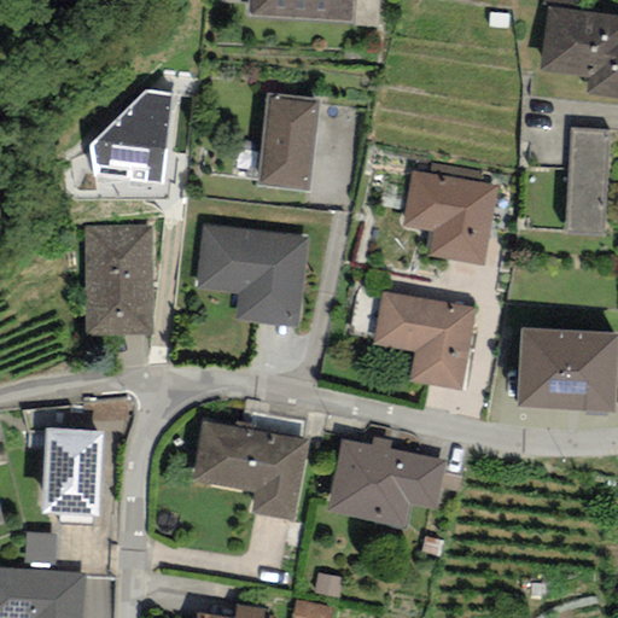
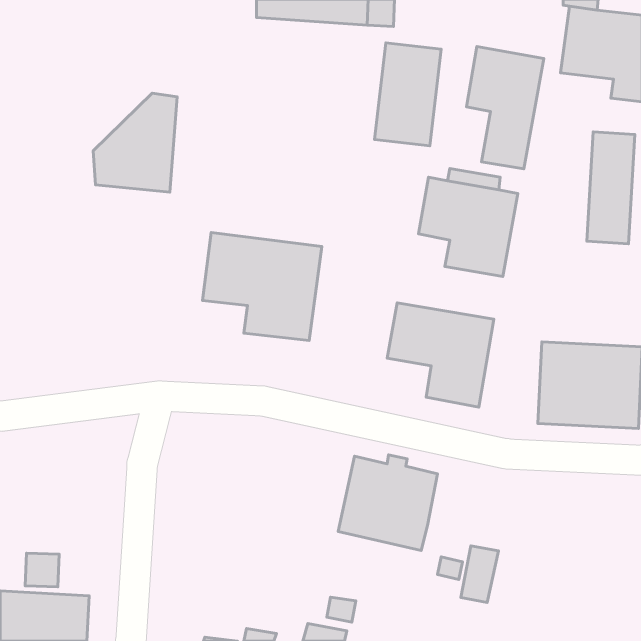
building: none -> [467,46,544,169]
building: [257,93,321,192] -> [374,43,441,146]
building: [86,226,153,334] -> none
building: [193,421,310,521] -> none
building: [42,427,104,517] -> none
building: [412,455,448,509] -> [461,546,498,602]

